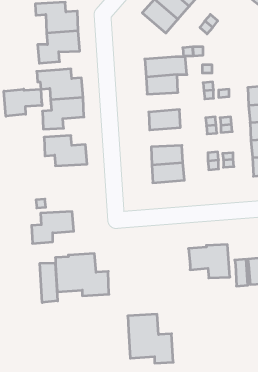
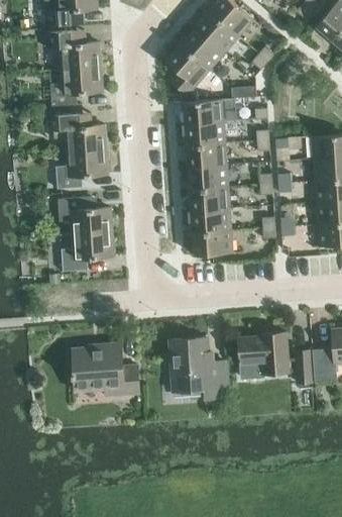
building: none -> [166,44,210,95]
building: [4,89,42,116] -> none
building: none -> [187,143,227,168]
building: none -> [190,187,230,211]
building: [32,212,74,243] -> [62,232,114,272]
building: [40,263,58,303] -> none
building: [128,314,173,363] -> [170,337,227,398]

